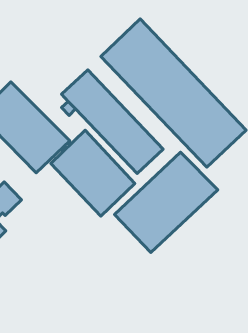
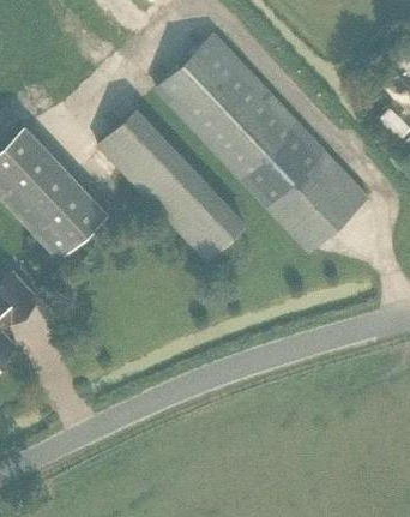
building: [51,130,135,216] -> none
building: [115,152,218,252] -> none

